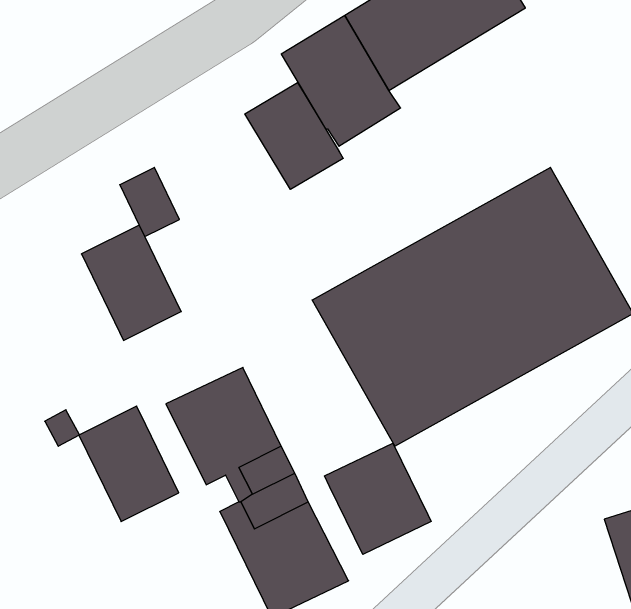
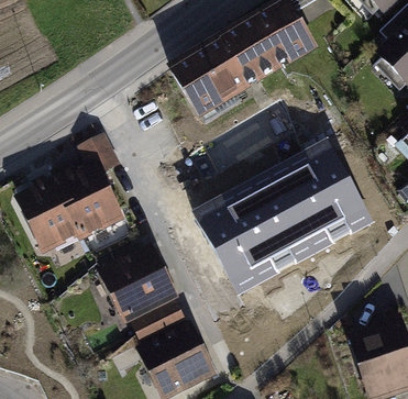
building: [245,83,343,189] -> none
building: [79,406,179,522] -> [23,180,80,246]
building: [325,443,431,554] -> none

